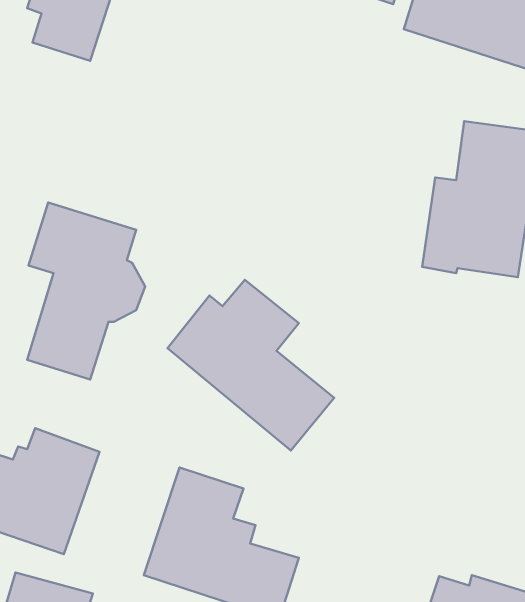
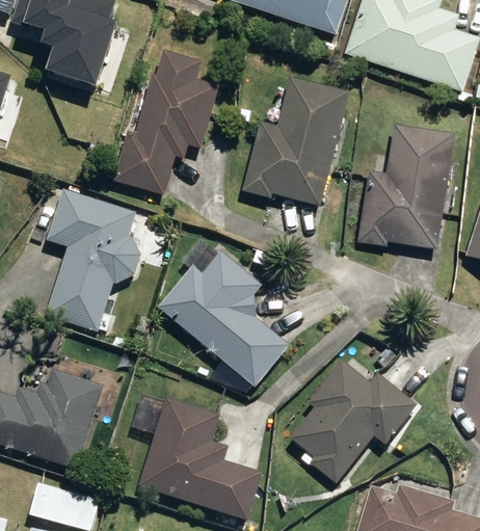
building: none -> [114,54,217,194]
building: none -> [243,81,346,206]
building: none -> [291,360,416,482]

